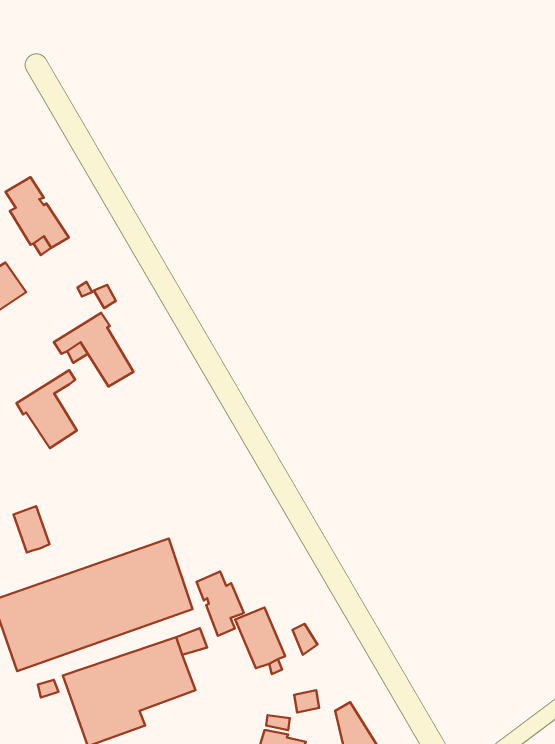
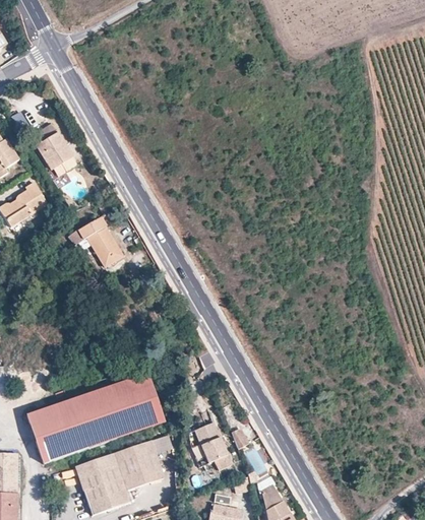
building: [17,370,77,448] -> none
building: [13,506,49,553] -> none
building: [196,571,244,636] -> none

